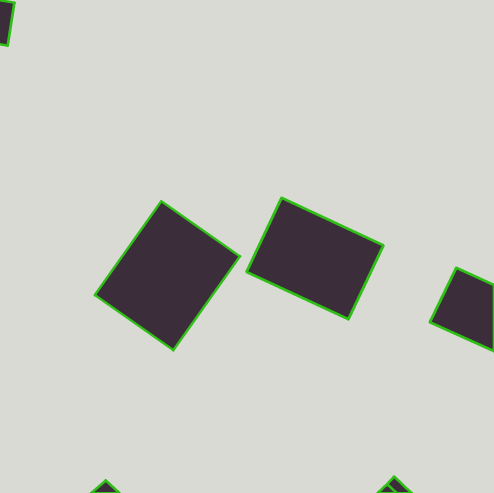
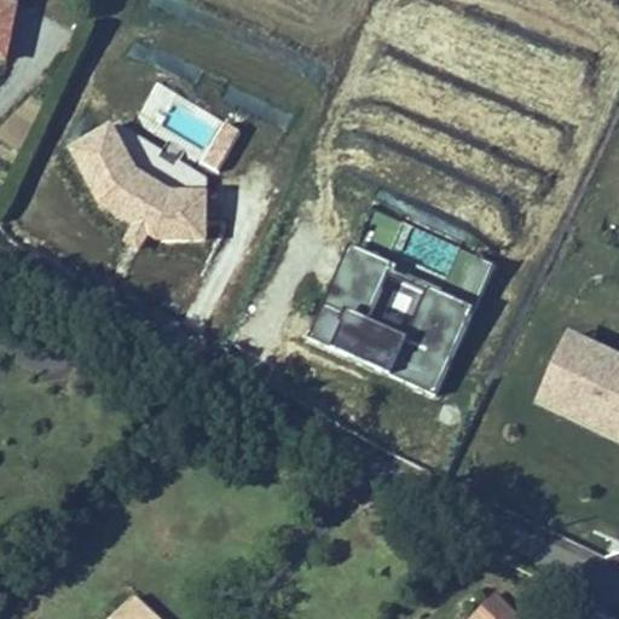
building: none -> [69,118,208,237]
building: [95,201,240,350] -> none

